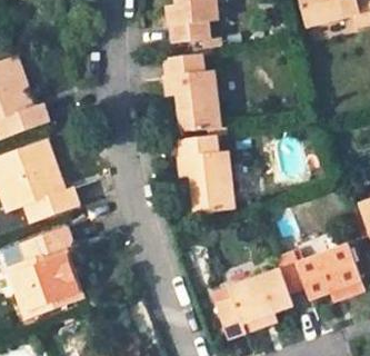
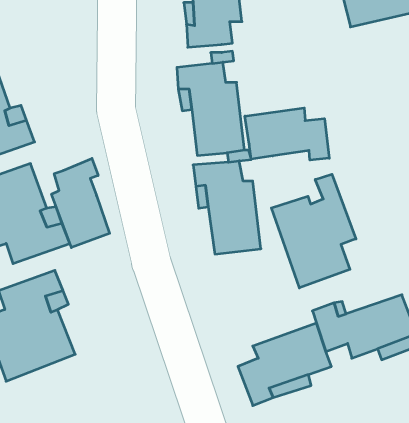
building: none -> [245,108,329,160]
building: none -> [52,158,110,248]
building: none -> [271,174,356,288]

